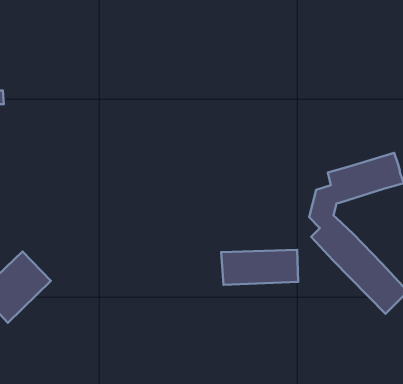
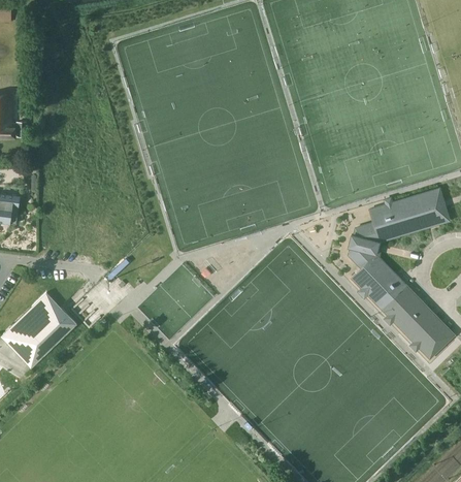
building: [221,250,298,285] -> none

